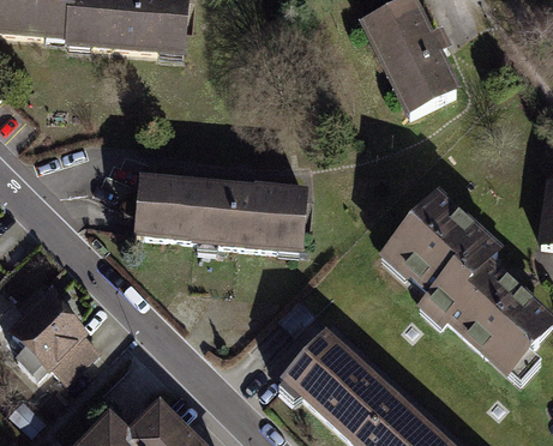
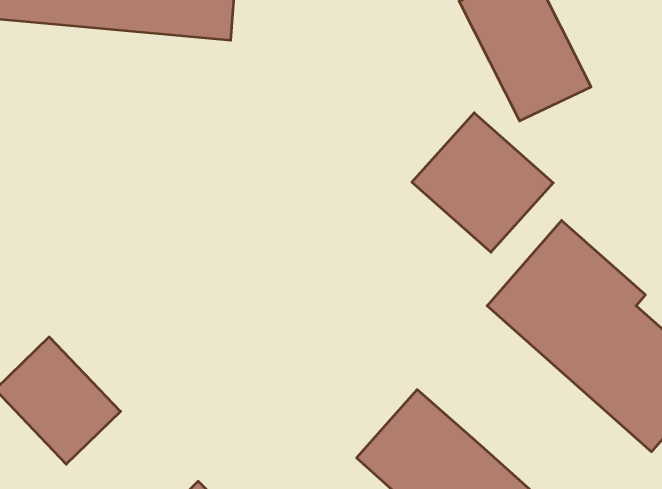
building: none -> [412,113,553,252]
building: [131,176,308,251] -> none

